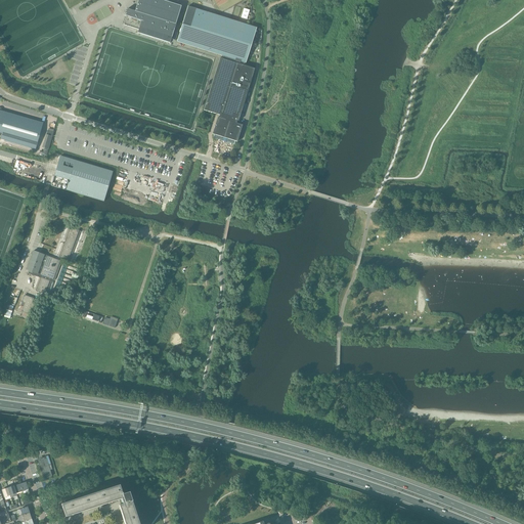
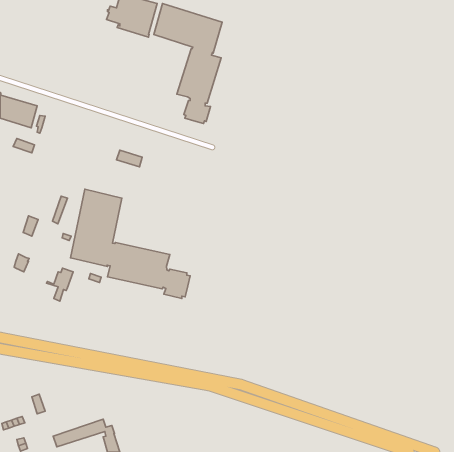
building: [51,155,113,200] -> none
building: none -> [71,189,190,298]
building: [29,254,59,292] -> [47,268,73,301]

